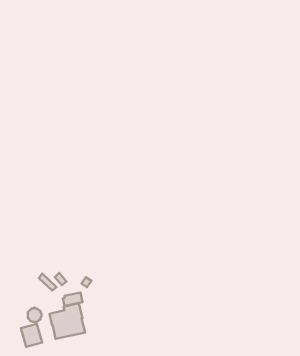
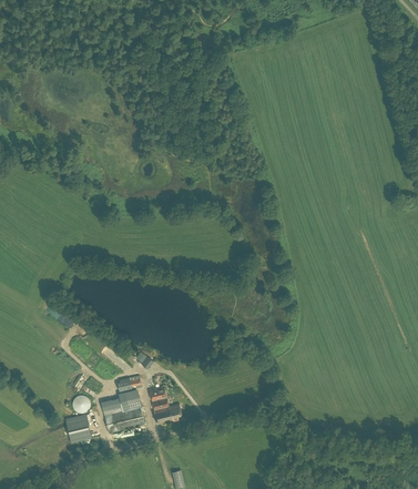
building: none -> [149,386,182,424]

